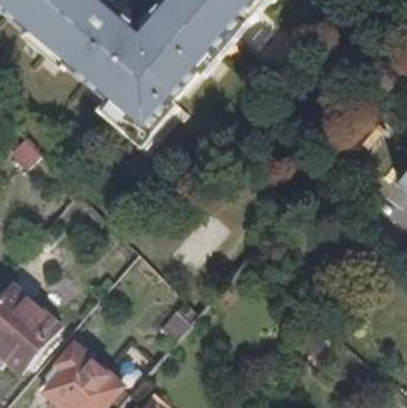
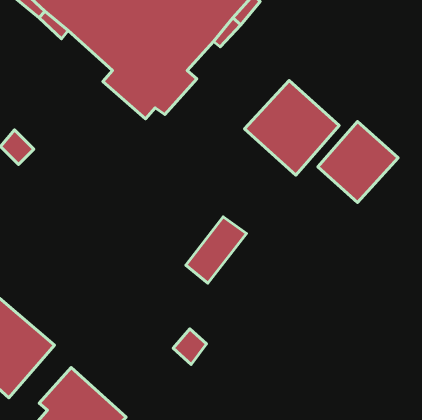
building: none -> [245,80,339,175]
building: none -> [318,121,398,203]

